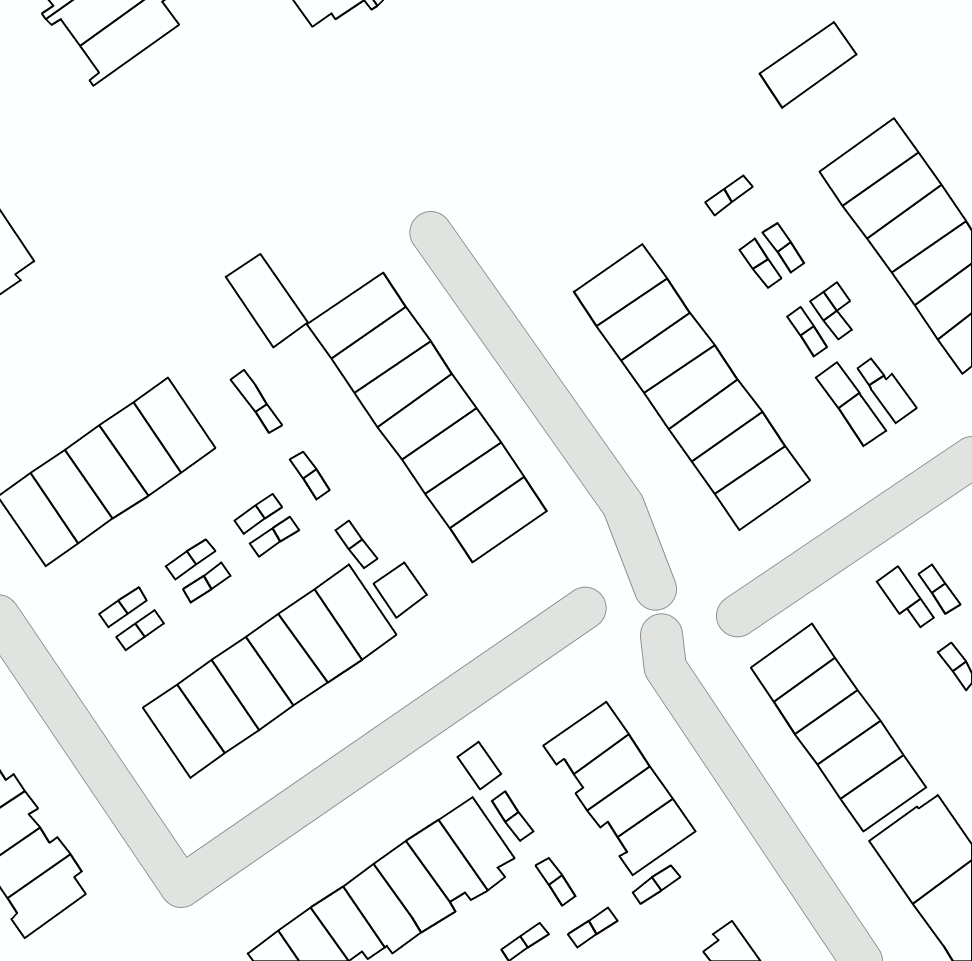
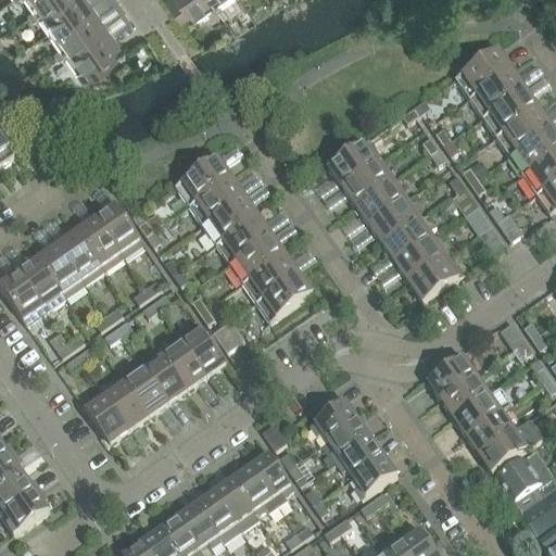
building: [759,22,857,108] -> [454,49,509,98]
building: none -> [53,14,116,76]
building: [226,254,308,347] -> [96,202,142,255]

